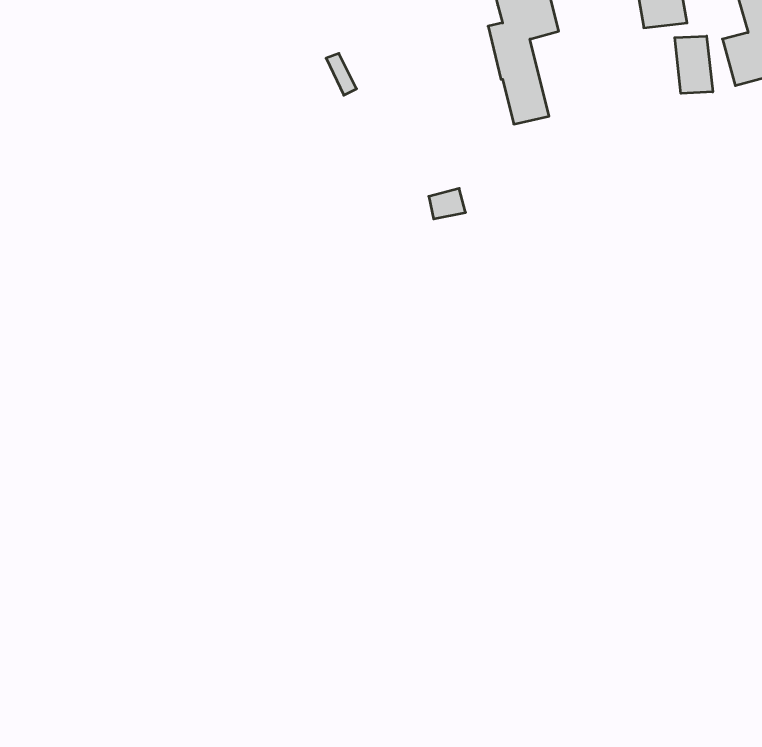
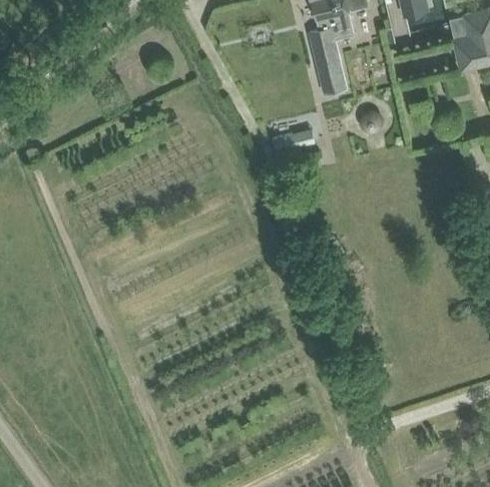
building: [675,36,713,93] -> none

